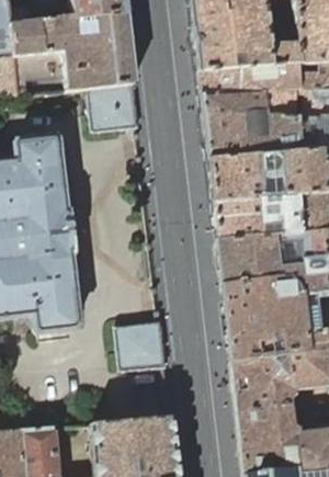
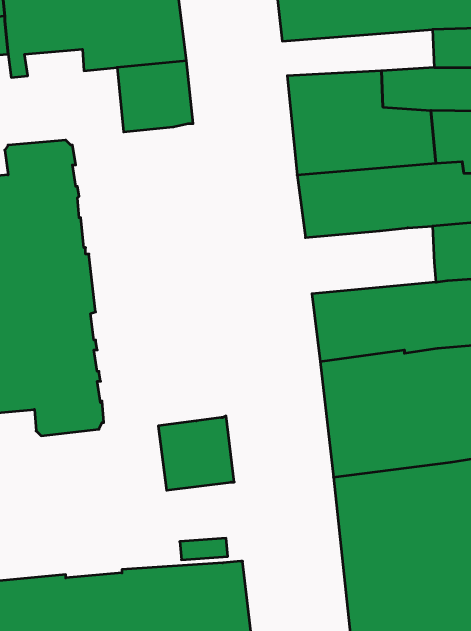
building: [198,64,299,94] -> none
building: [214,194,300,239] -> none

